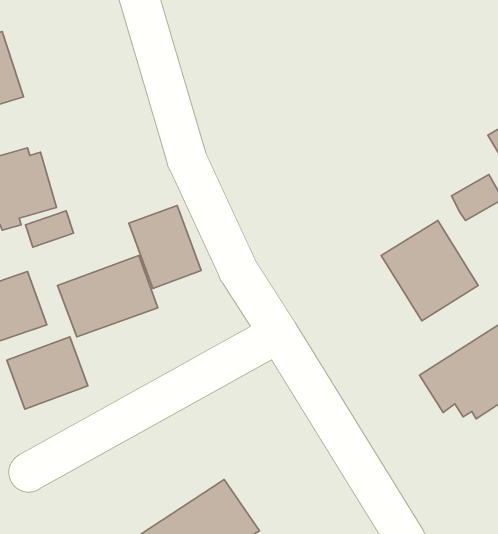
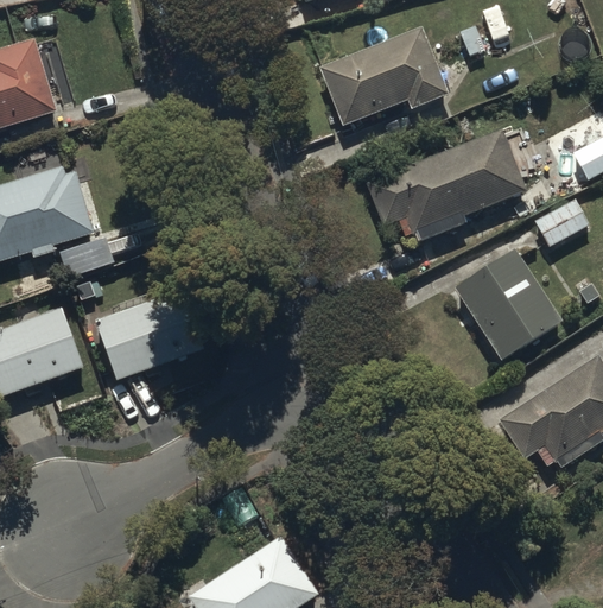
building: none -> [318,27,448,126]
building: none -> [366,129,527,241]
building: [129,205,201,288] -> none
building: [7,337,88,409] -> none

